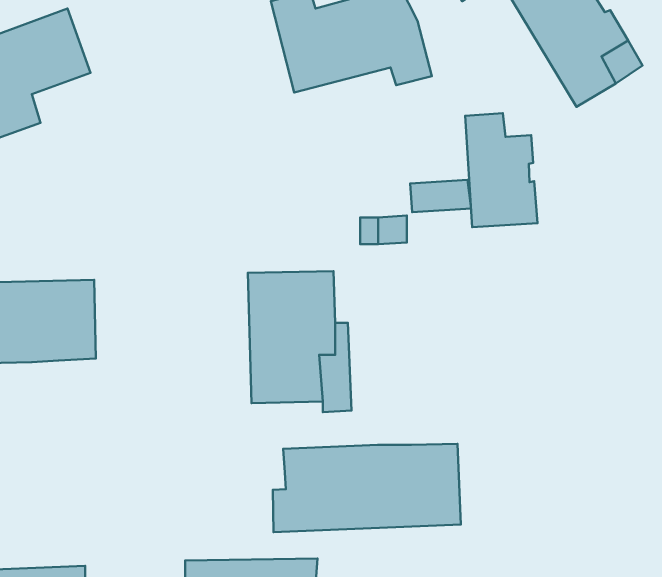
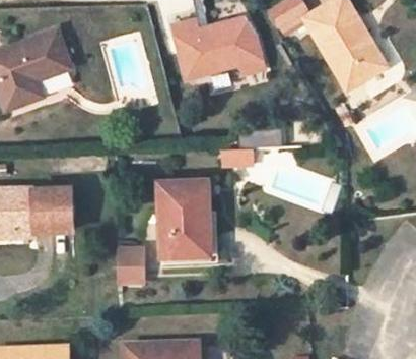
building: [465,113,537,227] -> none
building: none -> [118,243,149,285]
building: [273,444,461,532] -> none

